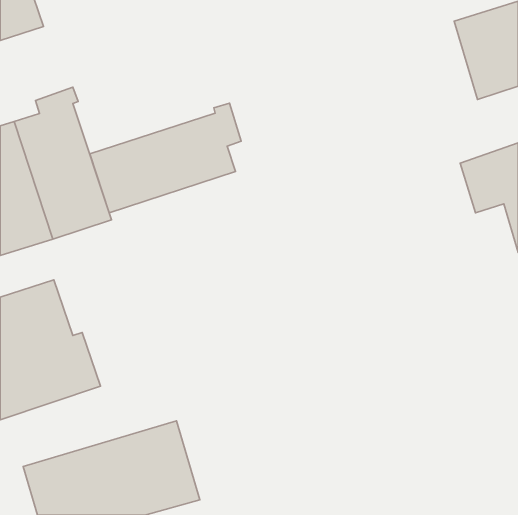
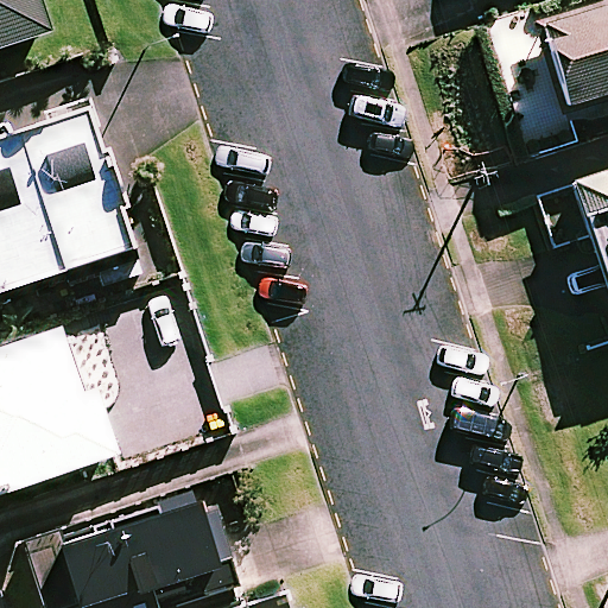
building: [90,103,241,213] -> none

